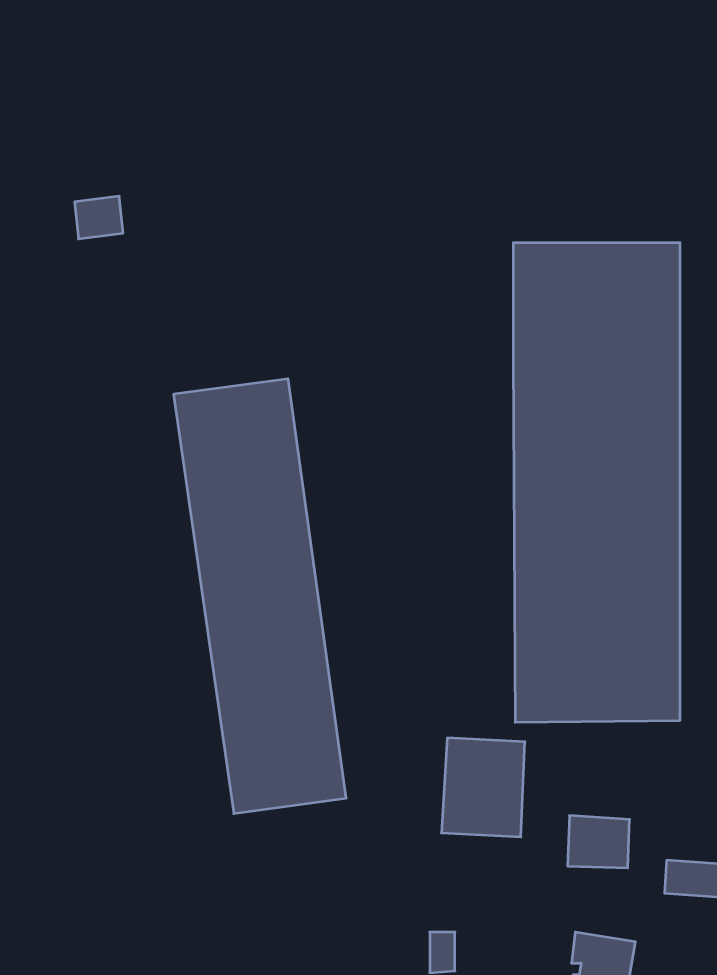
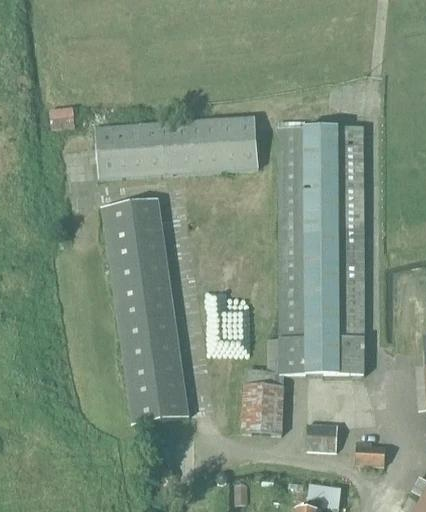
building: none -> [94,117,258,179]

